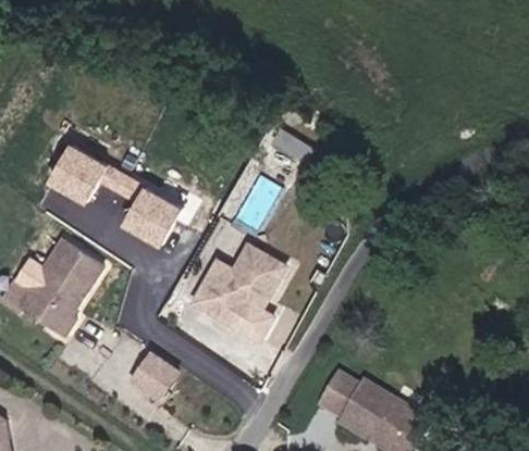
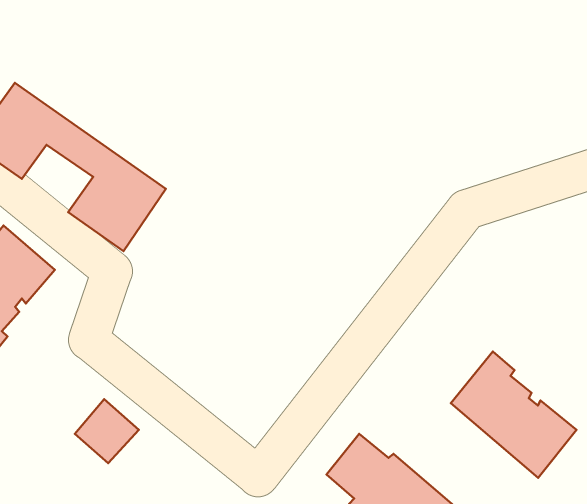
building: [183,237,288,338] -> none
building: none -> [451,352,577,478]

